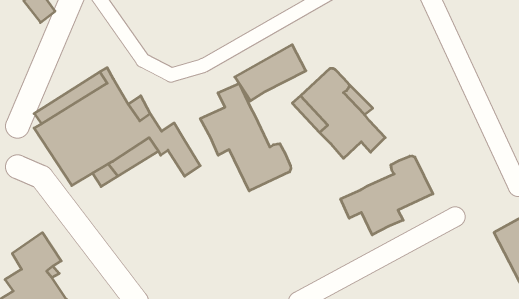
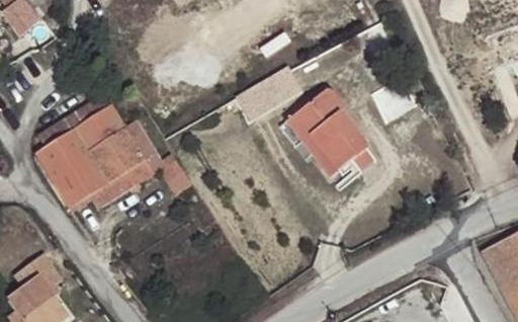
building: [200,84,291,191] -> none
building: [341,156,433,235] -> none

